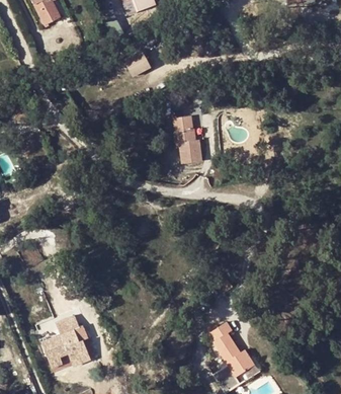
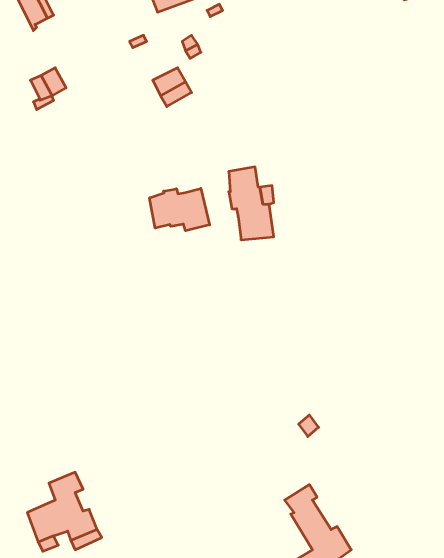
building: none -> [150,188,210,231]

